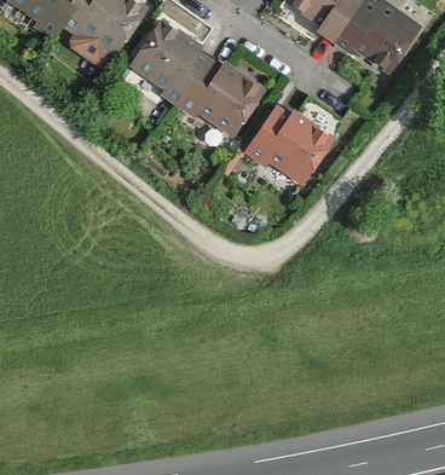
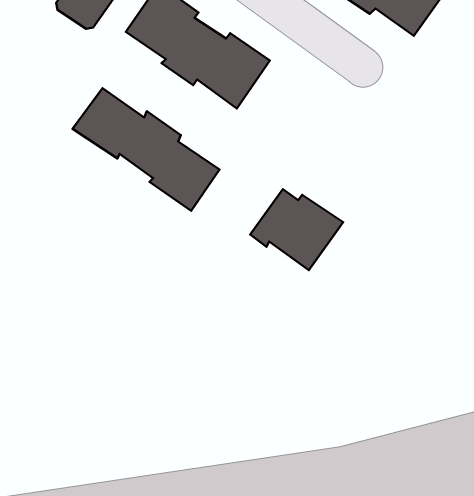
building: [248,109,330,180] -> [250,189,343,270]
building: none -> [73,88,219,211]

